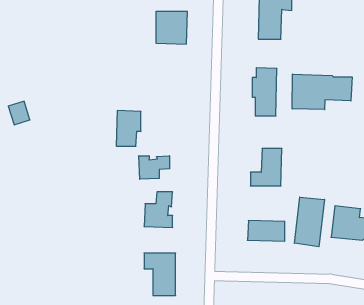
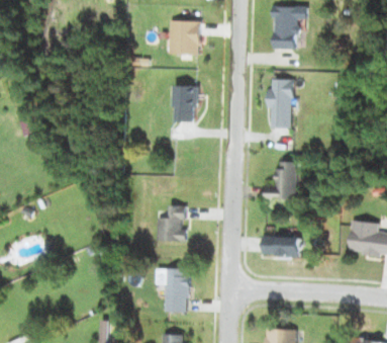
building: [292,74,352,110] -> none
building: [116,111,141,146] -> [172,85,197,121]
building: [139,156,169,179] -> none
building: [294,197,324,247] -> none

